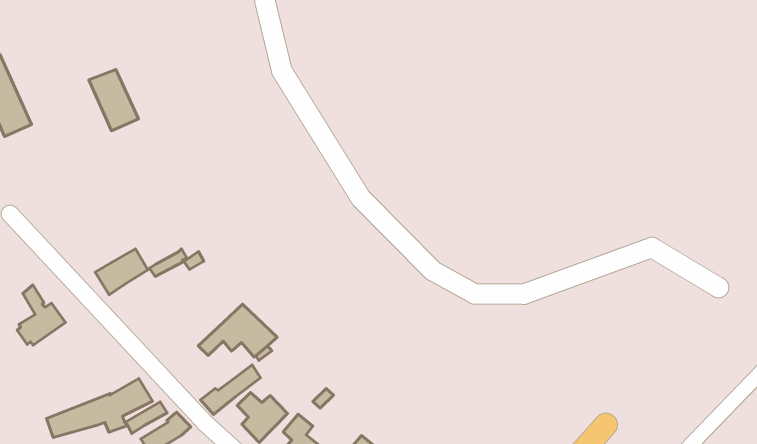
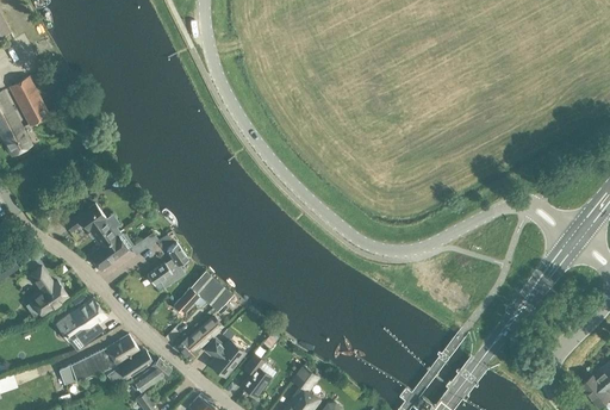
building: [89,69,139,131] -> [8,77,49,125]
building: none -> [64,204,120,247]
building: none -> [147,243,187,286]
building: none -> [56,299,105,344]

